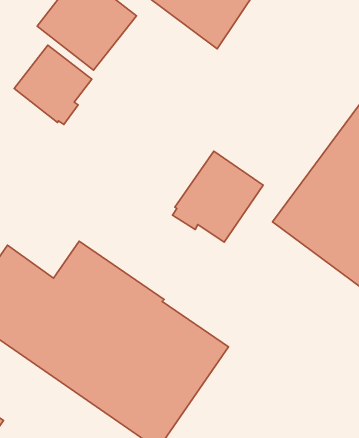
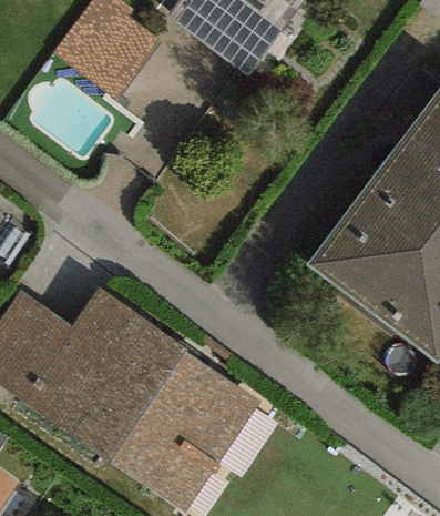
building: [14,45,92,125] -> none
building: [173,151,263,242] -> none

